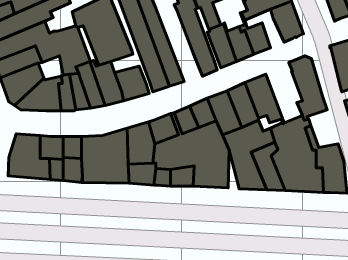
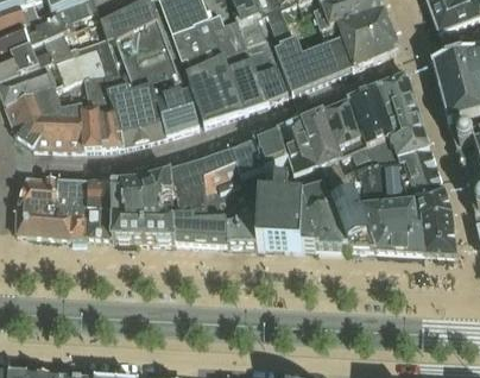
building: none -> [208,10,269,108]
building: none -> [323,14,374,64]
building: none -> [349,86,398,162]
building: none -> [404,145,444,194]

